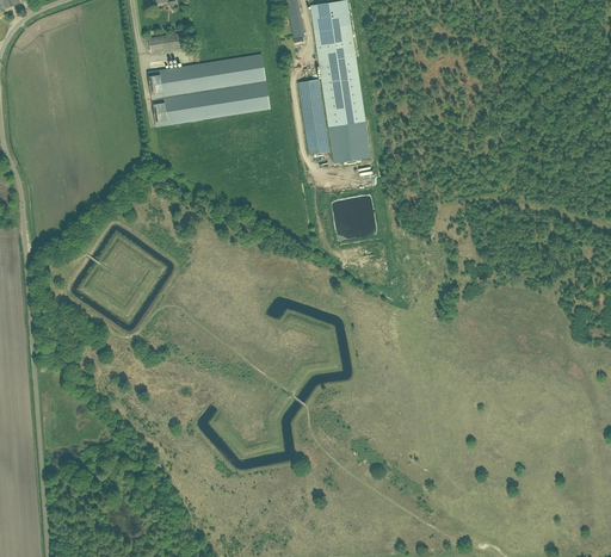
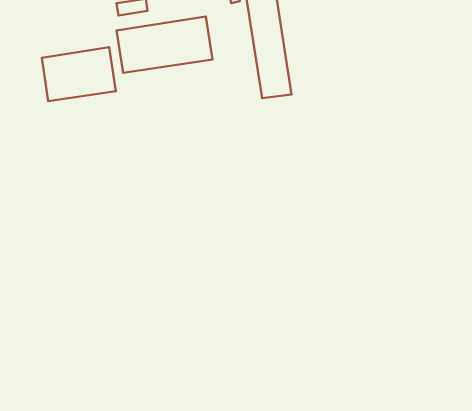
building: [297,79,329,154] -> none
building: none -> [42,47,116,101]

